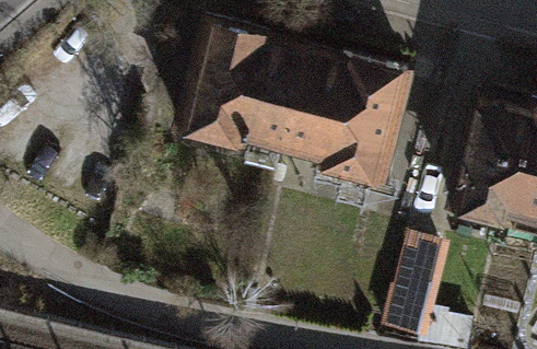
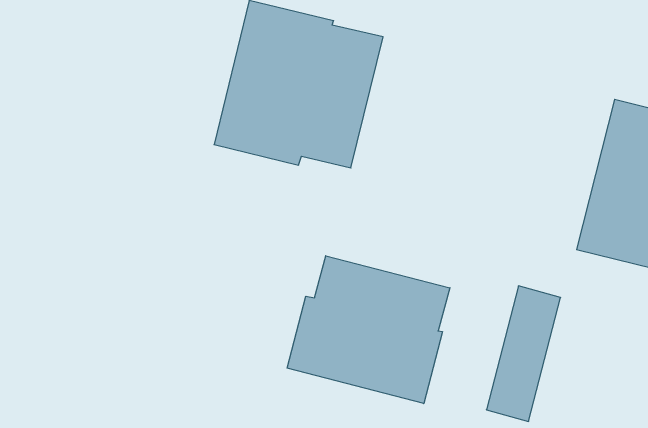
building: [287,54,410,185] -> none
building: none -> [287,256,450,404]

